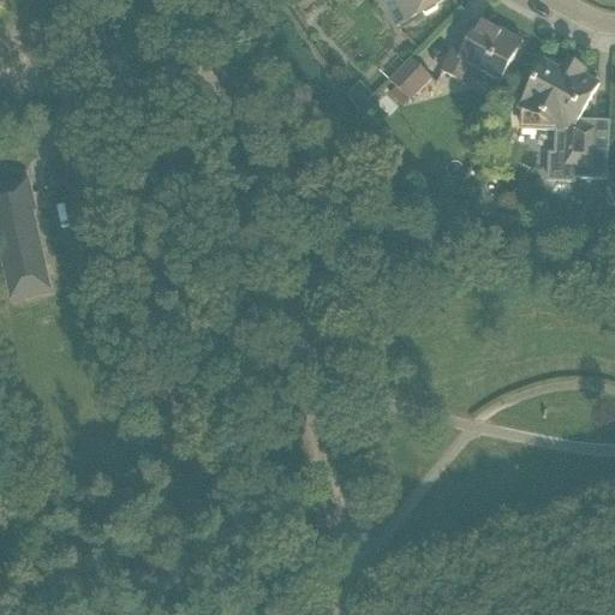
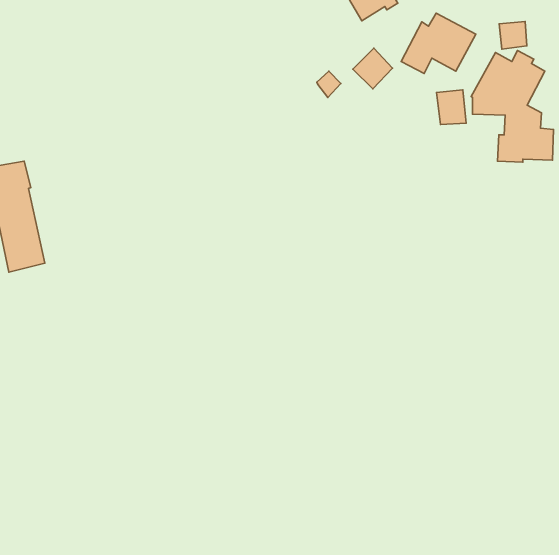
building: none -> [499,21,527,49]
building: none -> [437,90,466,125]

